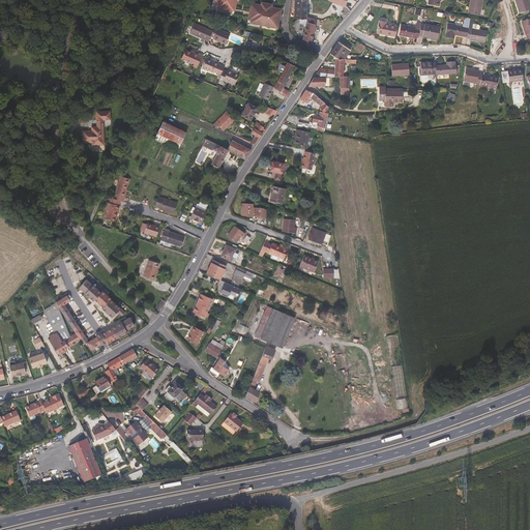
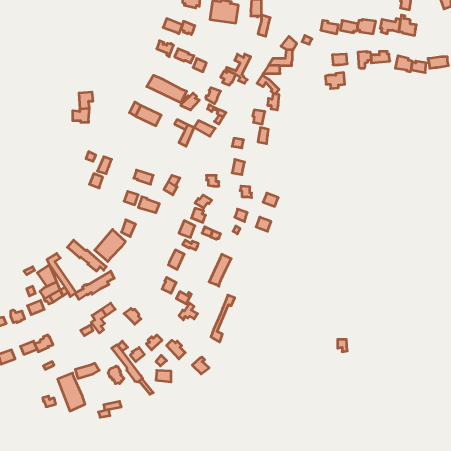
building: none -> [147,75,187,103]
building: none -> [95,229,125,262]
building: [262,307,298,348] -> none

